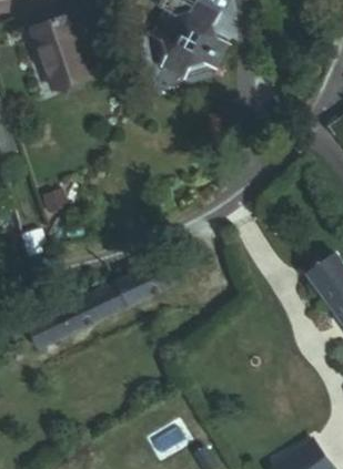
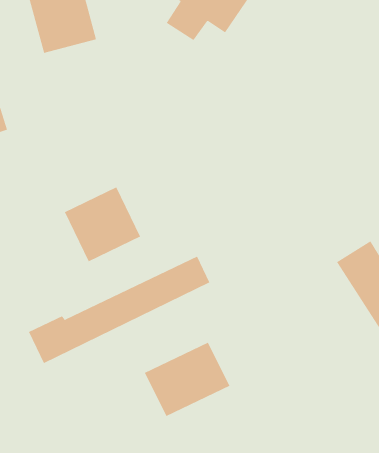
building: none -> [64,186,141,262]
building: none -> [144,342,230,417]

